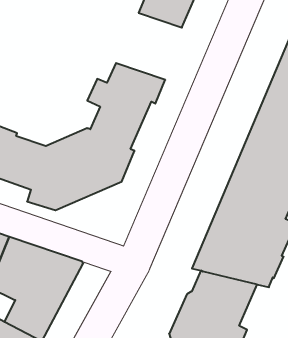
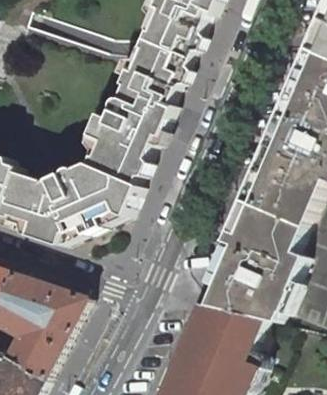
building: none -> [120,43,187,111]

